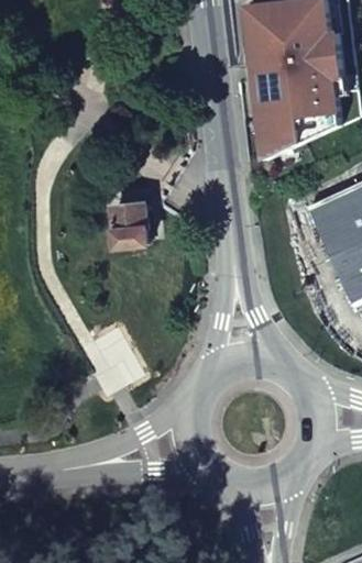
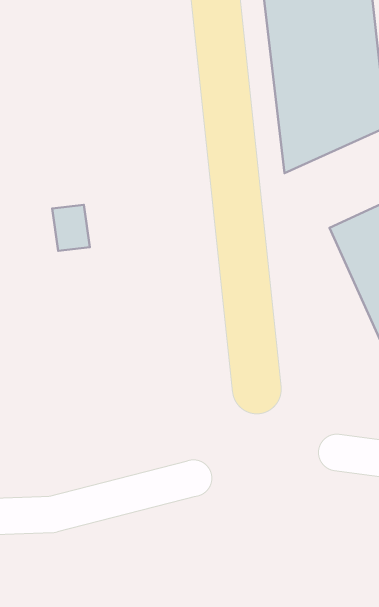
building: [109,205,143,246] -> [52,205,90,251]

